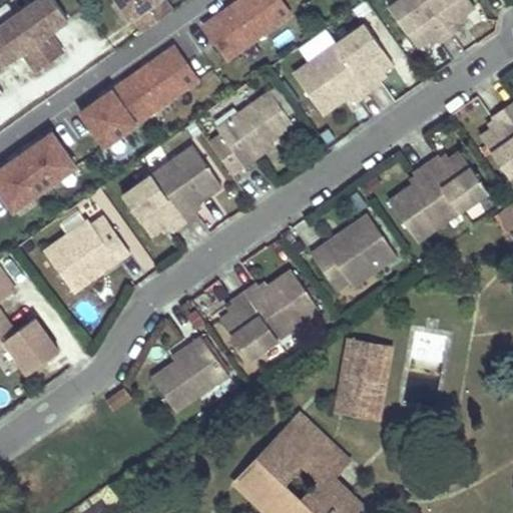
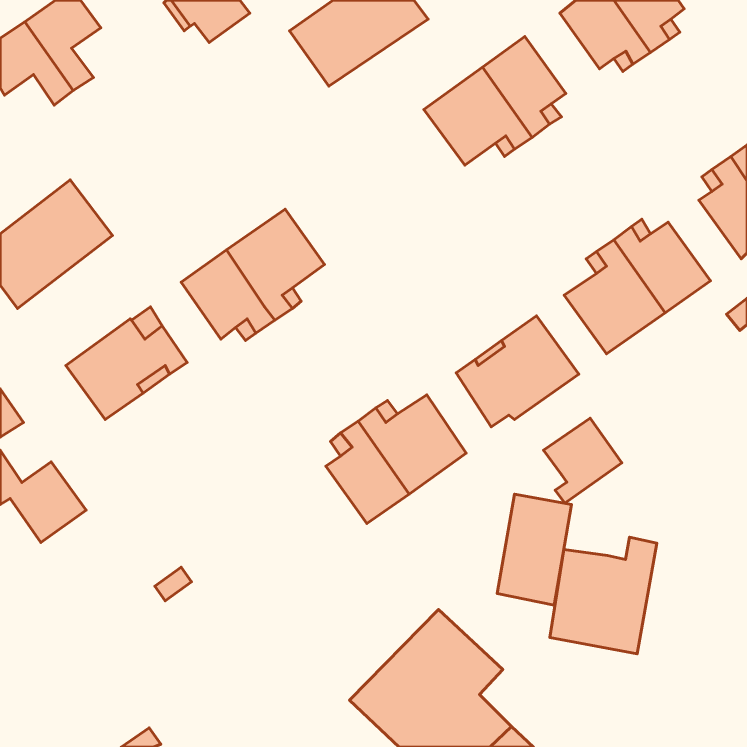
building: [75,37,201,147] -> none
building: [212,92,290,172] -> none
building: none -> [544,418,622,503]
building: [146,333,232,416] -> none
building: none -> [550,537,657,654]

